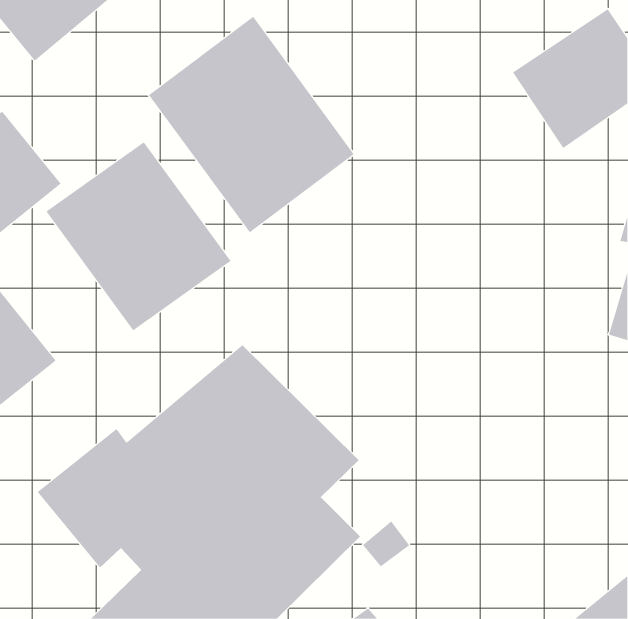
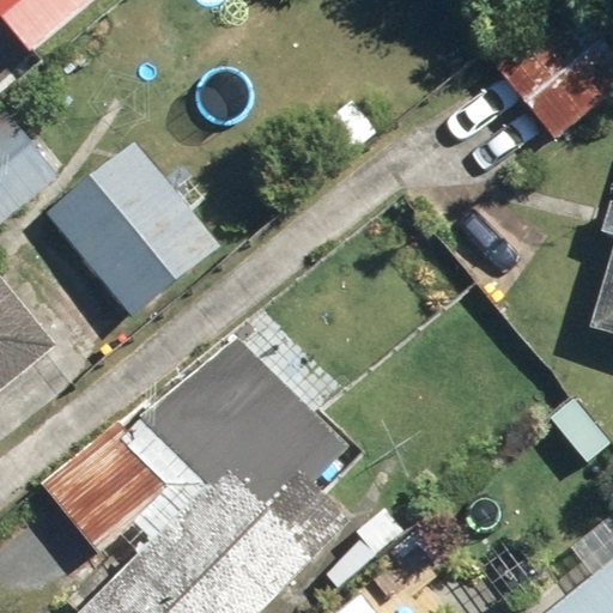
building: [148,16,354,233] -> none

